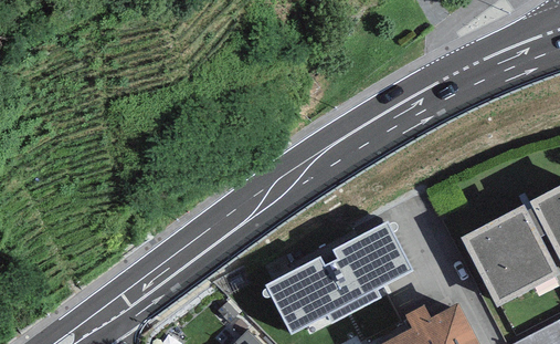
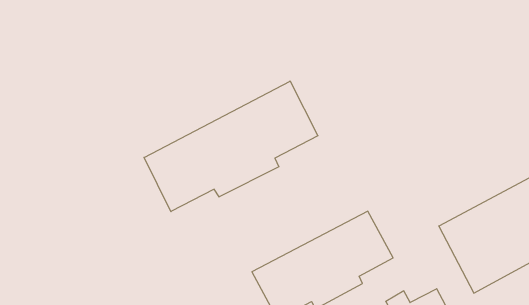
building: none -> [144,81,318,212]

